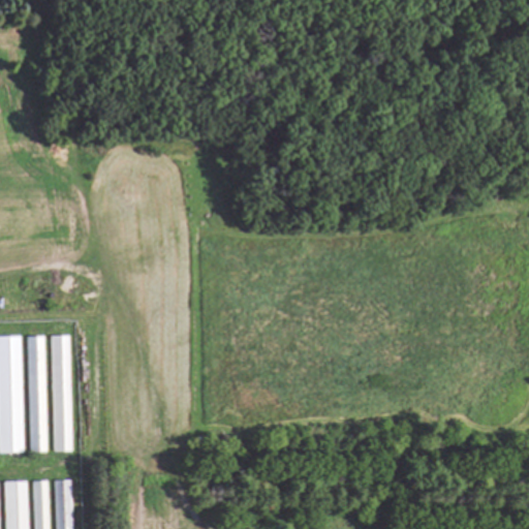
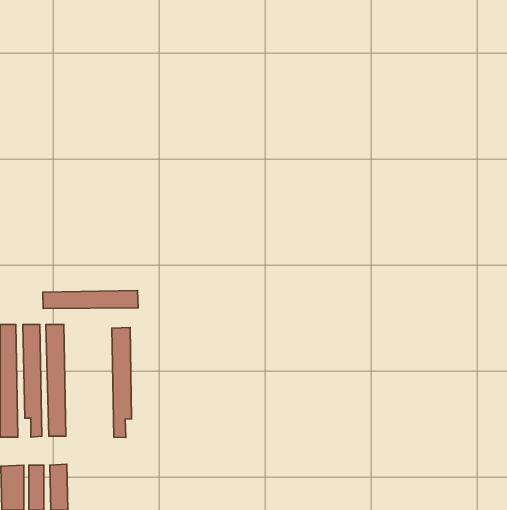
building: none -> [43,290,138,308]
building: none -> [112,327,132,438]

